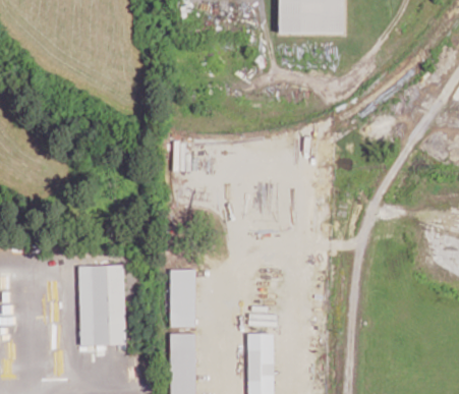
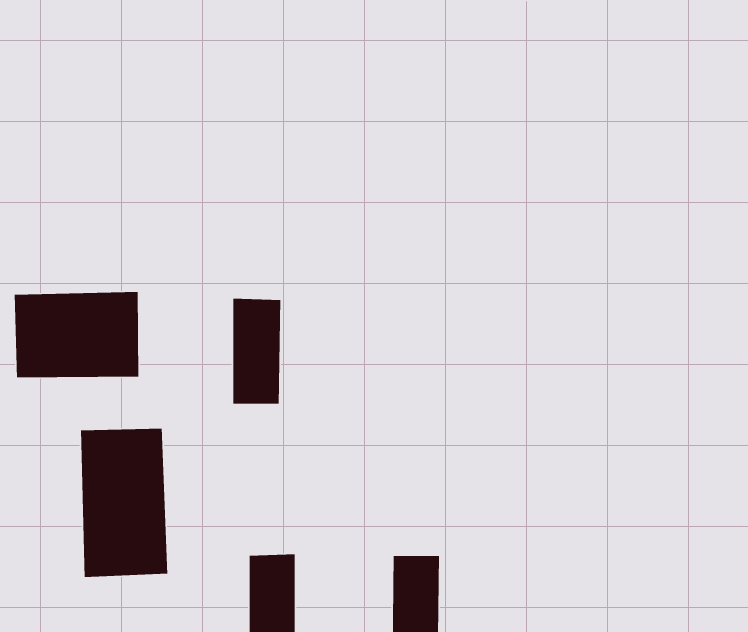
building: none -> [14,291,139,378]
building: [170,269,196,327] -> [233,298,281,405]

